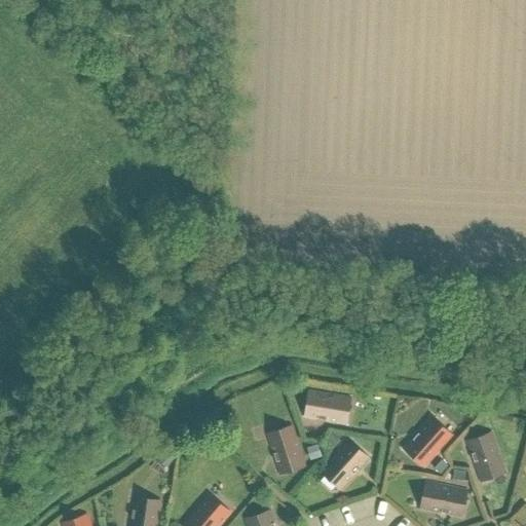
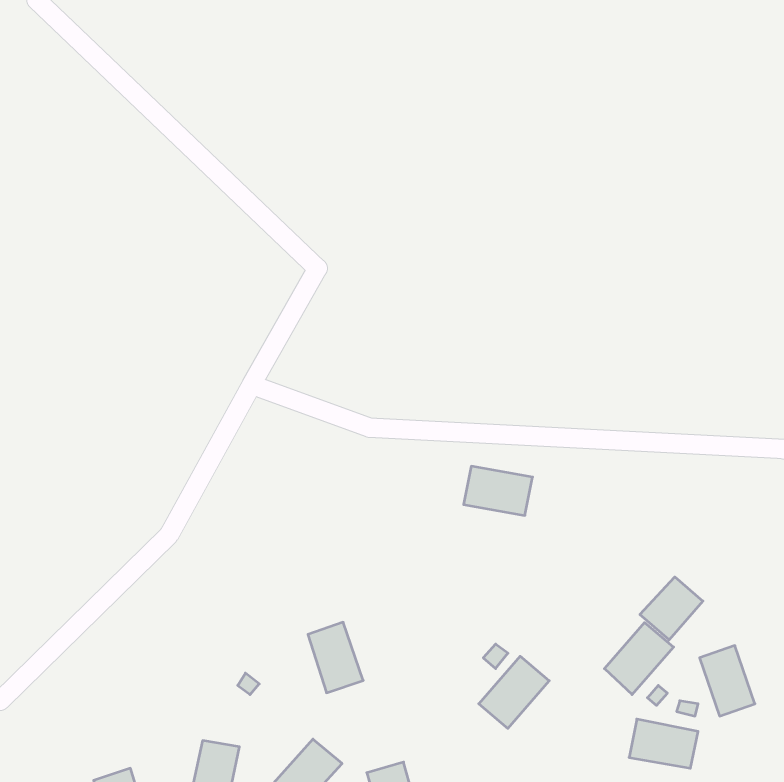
building: none -> [640,577,703,640]
building: [305,390,351,423] -> [464,466,533,515]
building: [268,425,305,473] -> [308,622,363,693]

